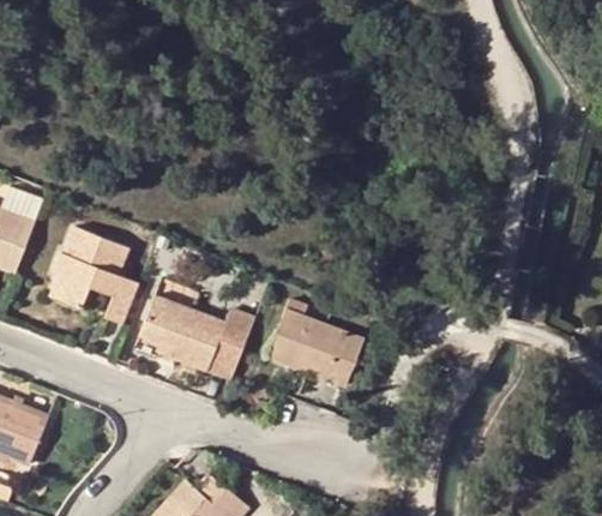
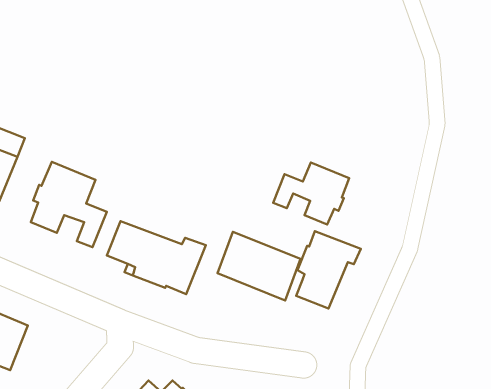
building: none -> [273,163,349,224]
building: none -> [296,231,361,308]

